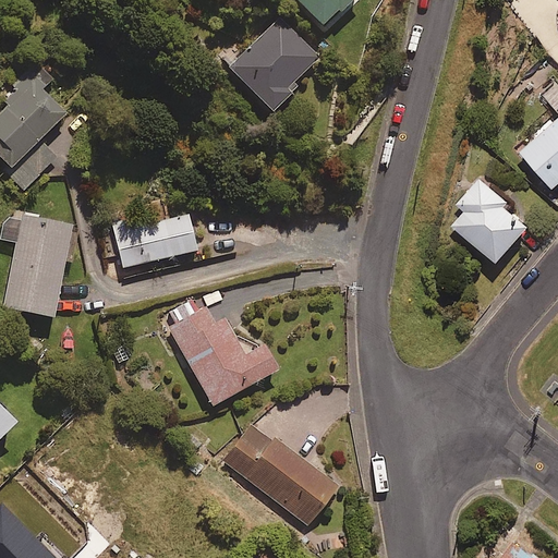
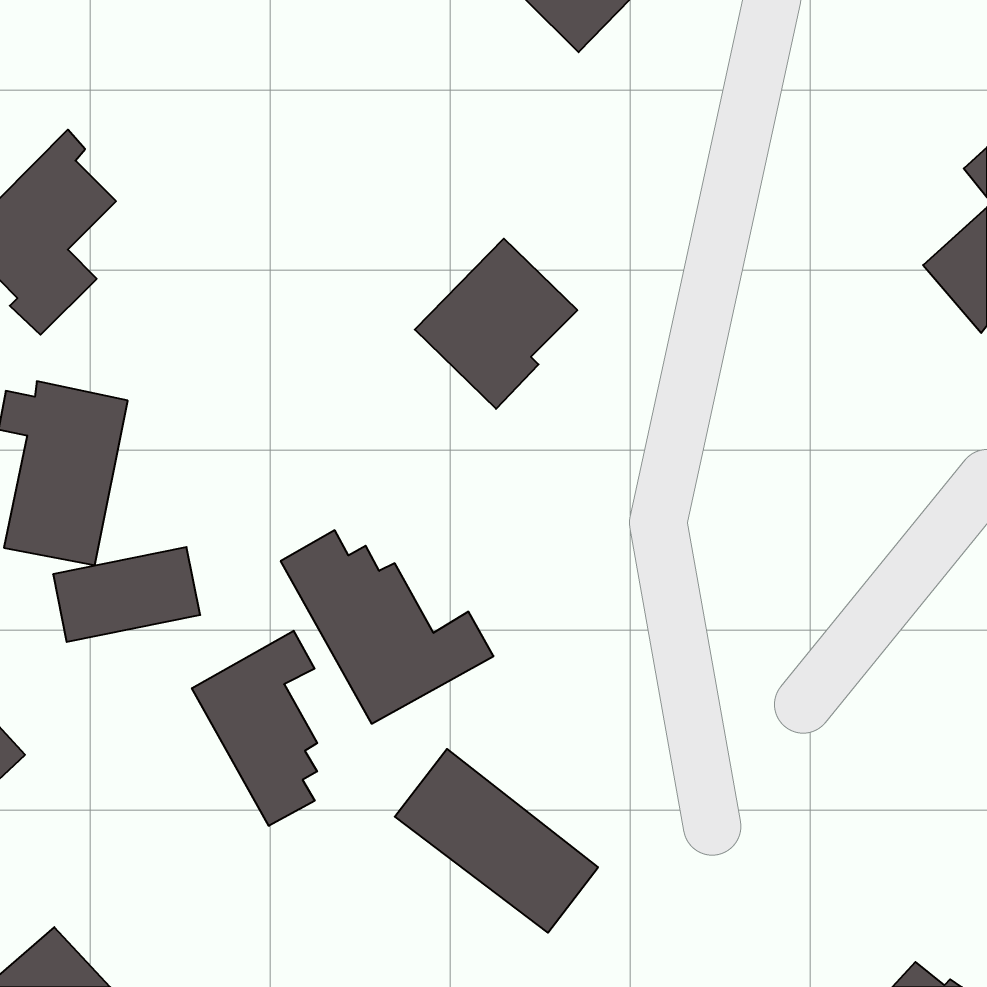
building: [228,16,319,112] -> [415,239,577,409]
building: [452,177,527,263] -> none
building: [113,214,196,267] -> [53,547,200,642]
building: none -> [192,631,317,826]

